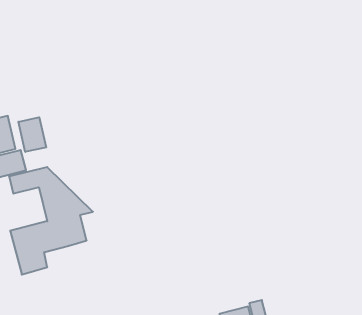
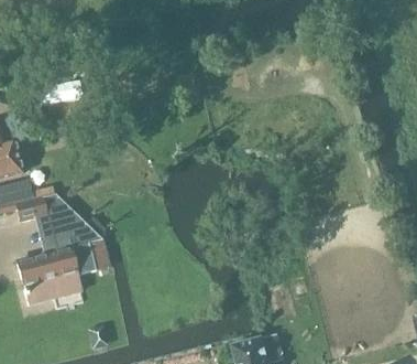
building: [18,117,46,152] -> none

